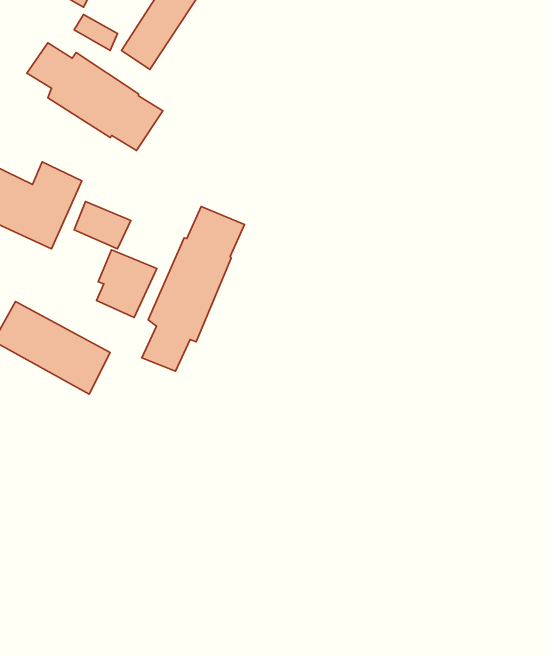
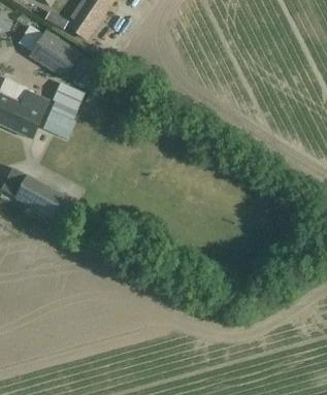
building: [142,207,245,371] -> none
building: [96,250,157,318] -> [52,81,85,119]

